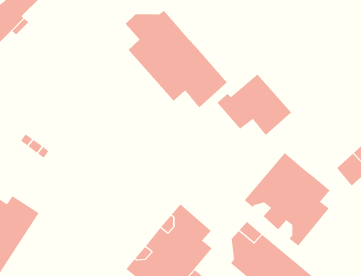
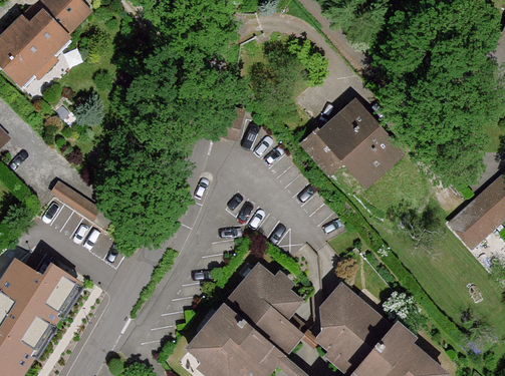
building: [125,10,228,108] -> none
building: [244,152,330,247] -> none

